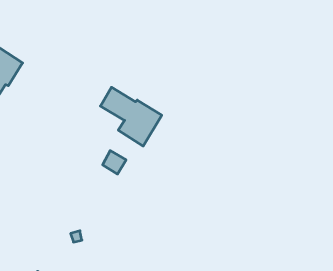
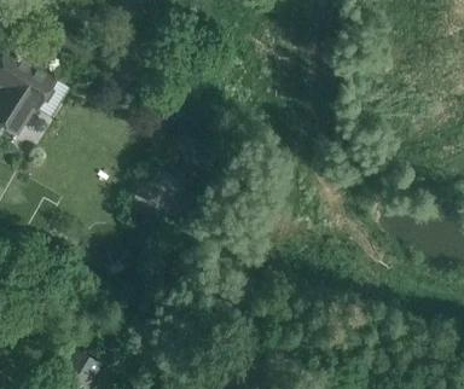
building: [100,87,162,146] -> none

